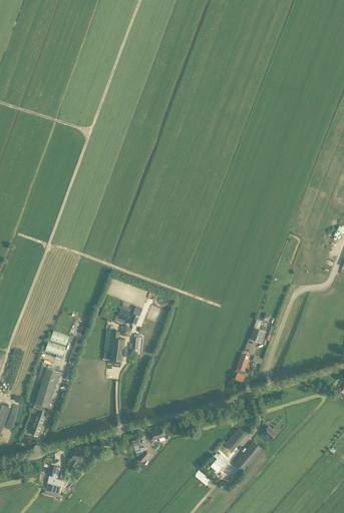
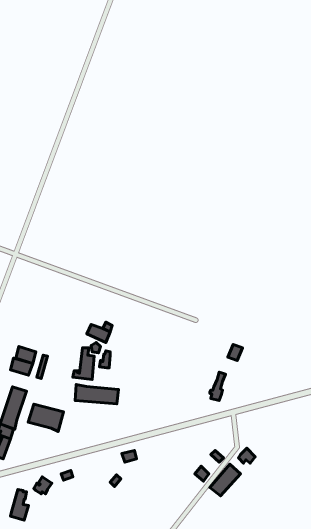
building: none -> [75,385,118,404]
building: none -> [28,404,64,431]

